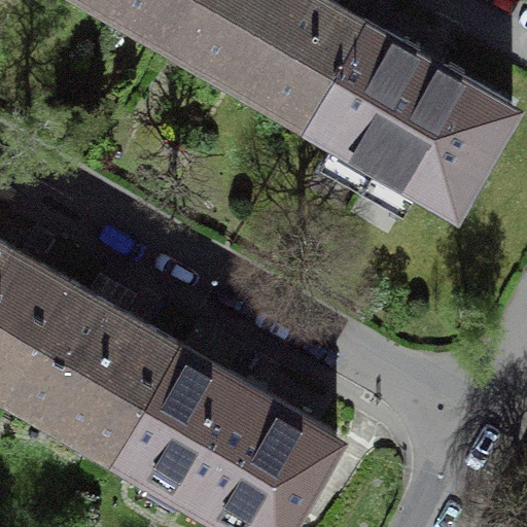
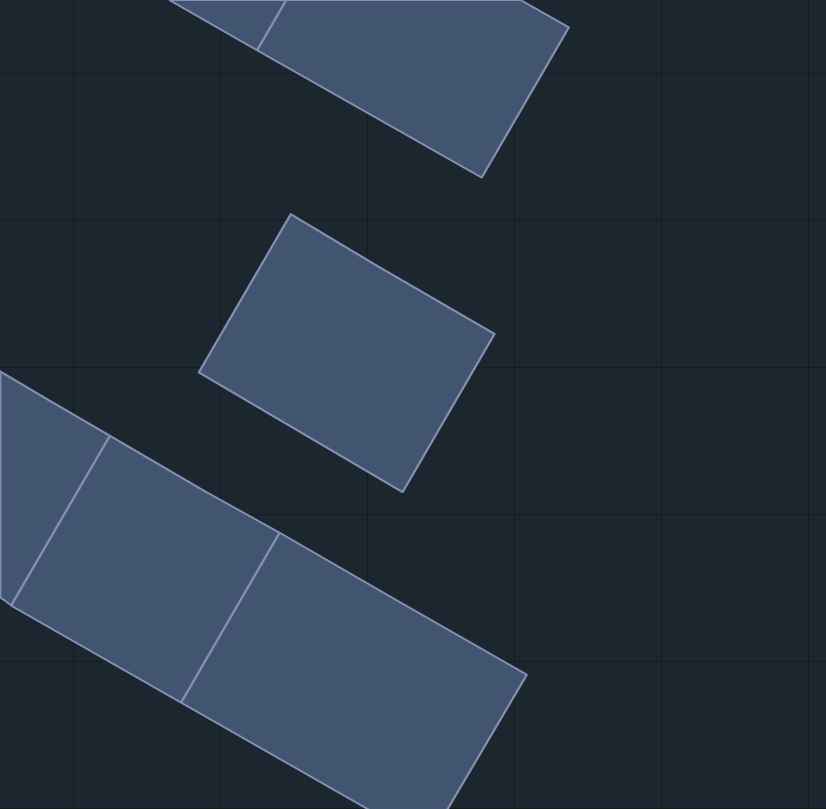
building: [306,26,513,211] -> none
building: none -> [199,214,495,492]

